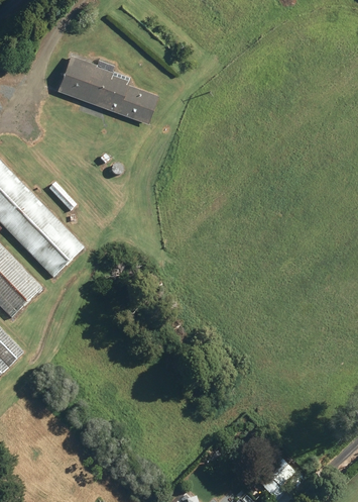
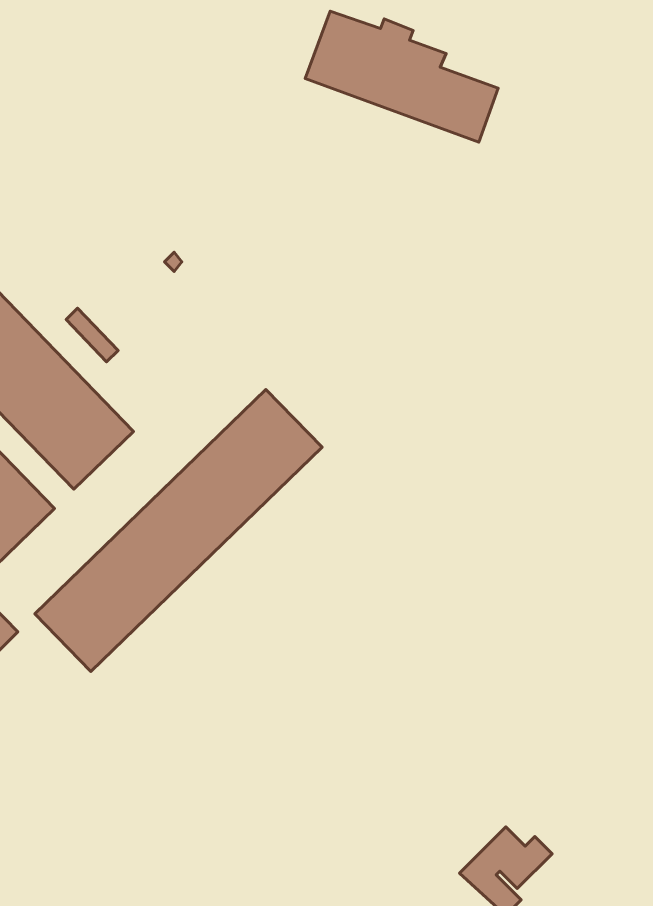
building: [57,55,158,123] -> [305,11,498,142]
building: none -> [35,390,322,671]

